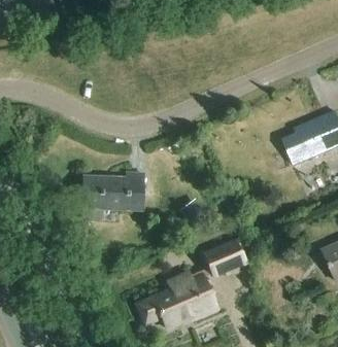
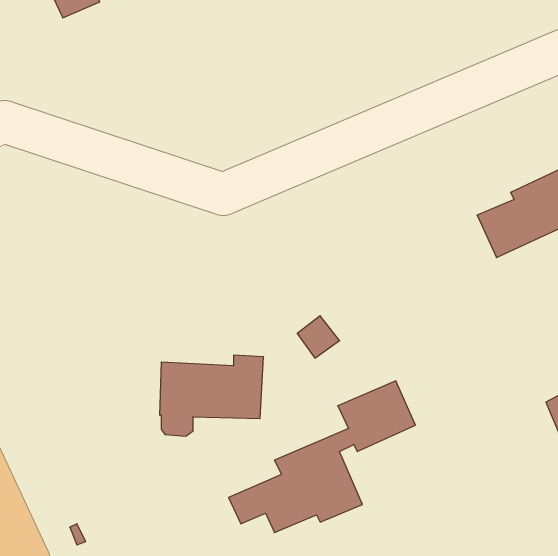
building: [82,172,143,219] -> [160,355,264,436]

